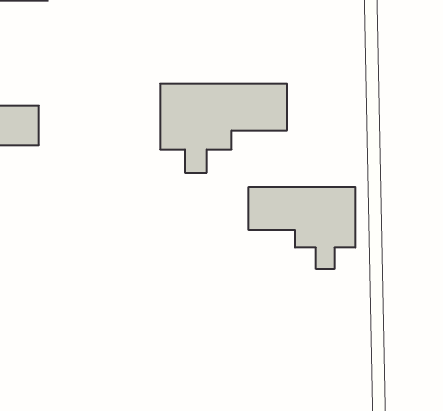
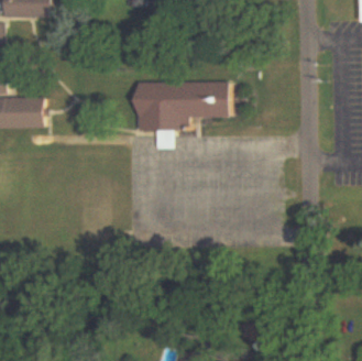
building: [249,187,355,269] -> none

